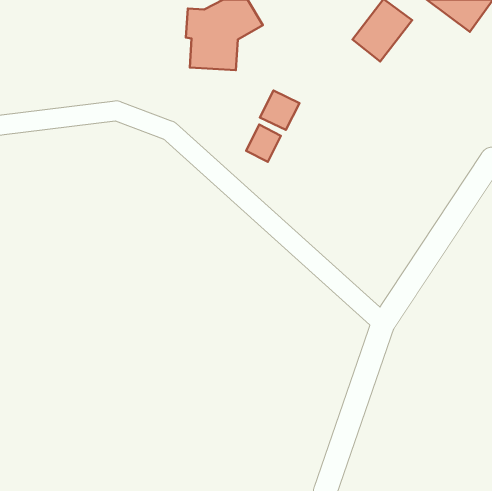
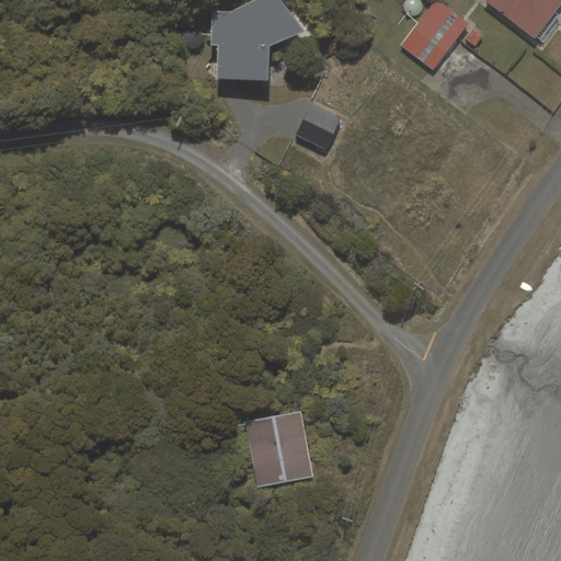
building: [246,125,281,162] -> none
building: none -> [245,411,312,486]

